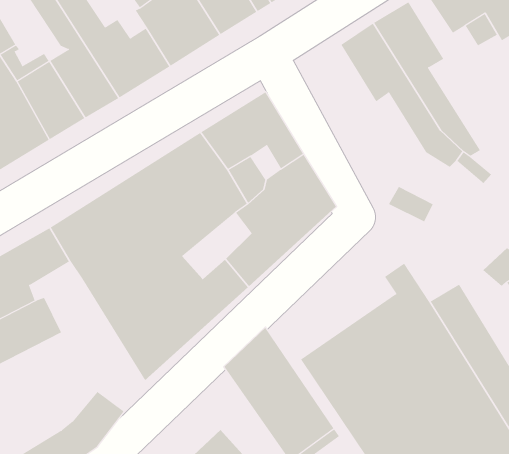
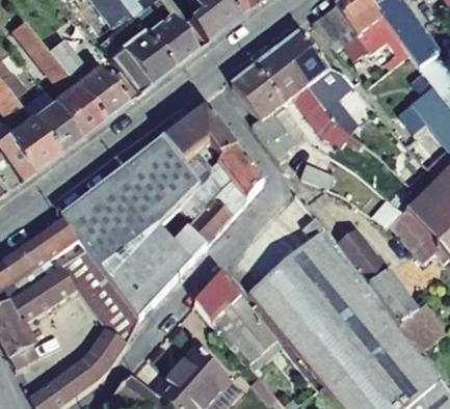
building: none -> [232,66,295,158]
building: none -> [62,250,139,342]

